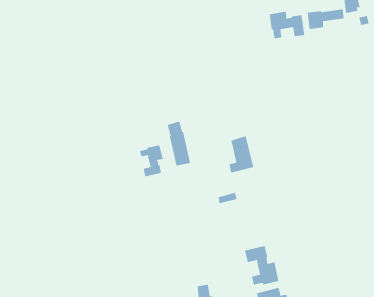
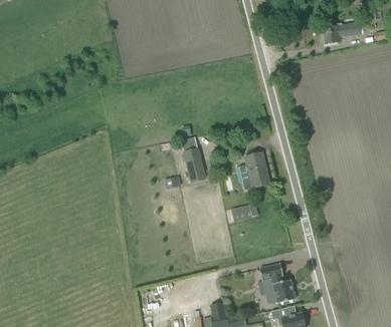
building: [269,11,305,39] -> none
building: [140,145,163,177] -> none

